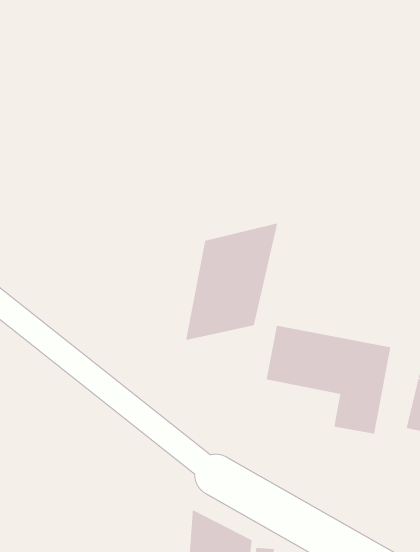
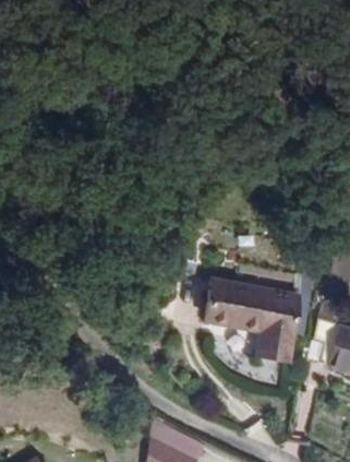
building: [185,223,278,341] -> none

